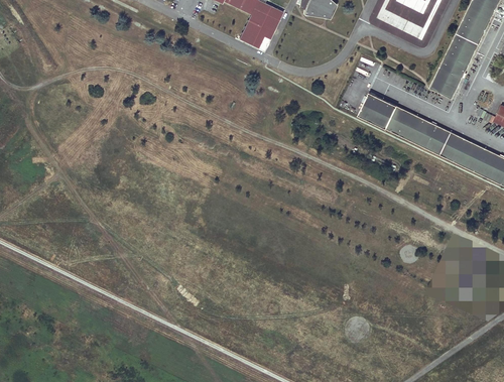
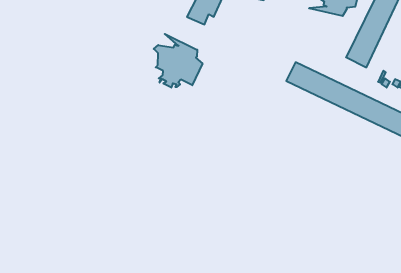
building: none -> [154,34,202,88]

